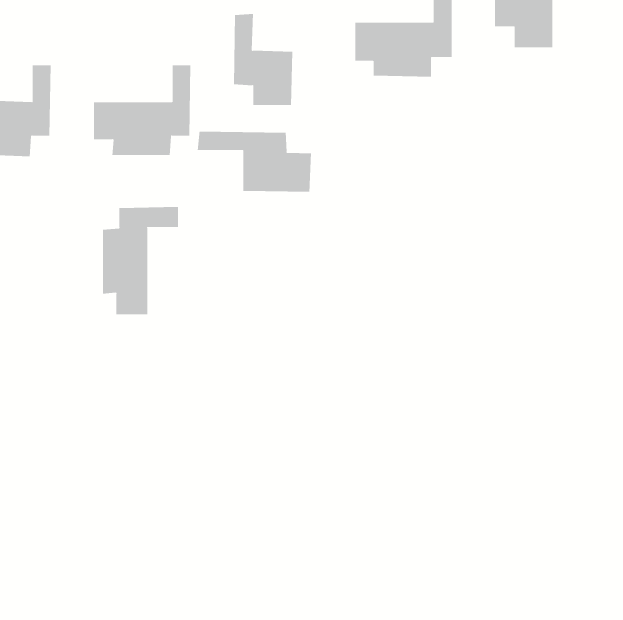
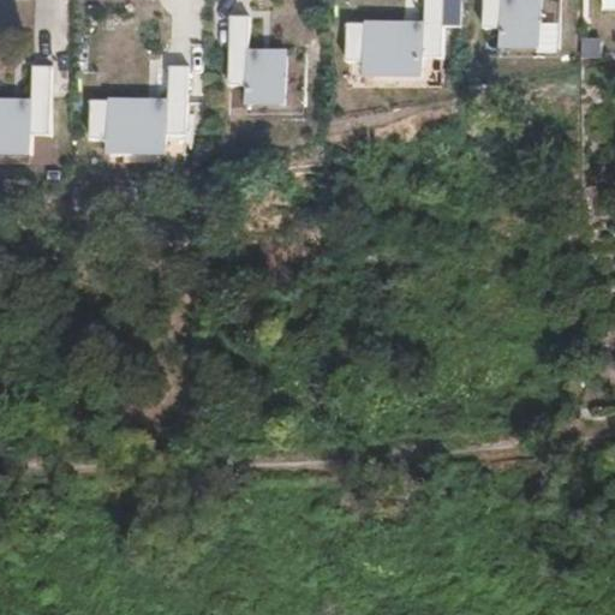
building: [197,131,311,193] -> none
building: [102,206,179,315] -> none

